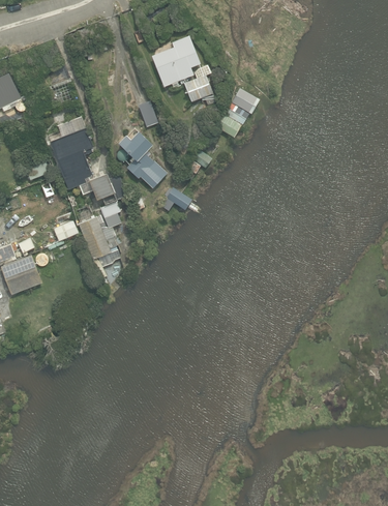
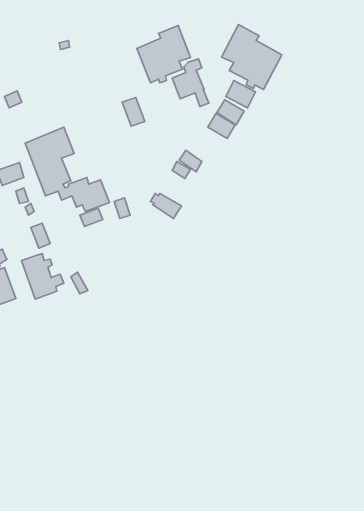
building: none -> [221,25,282,90]
building: [118,127,168,188] -> none
building: [79,217,117,259] -> [21,254,64,299]

